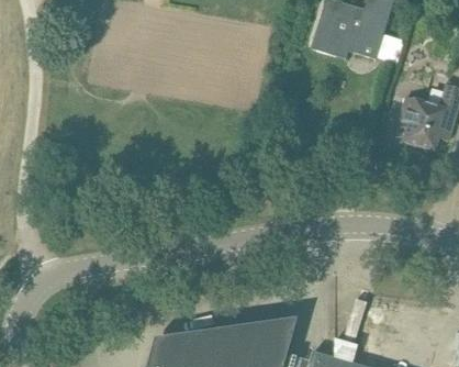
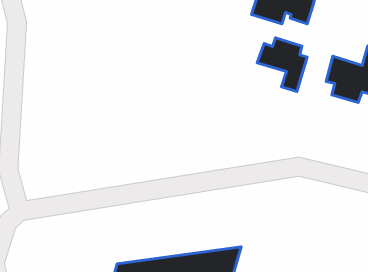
building: none -> [257,38,307,91]

